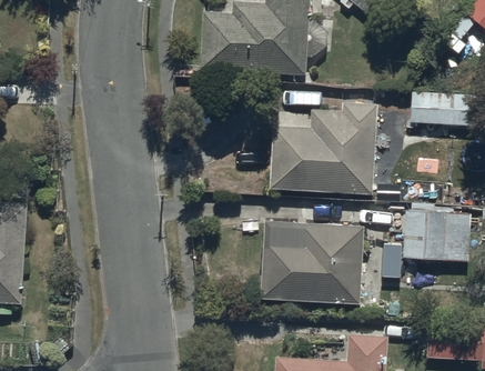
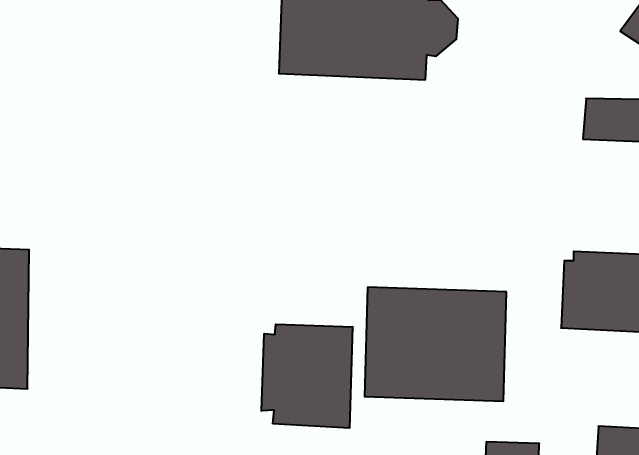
building: [271,102,376,192] -> none
building: none -> [261,324,353,428]

